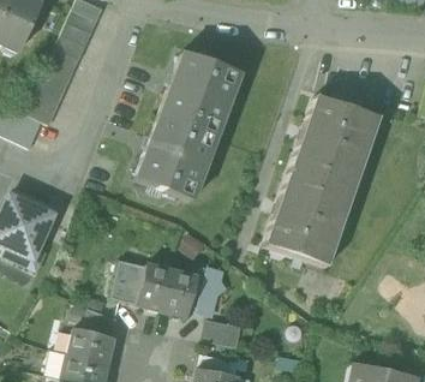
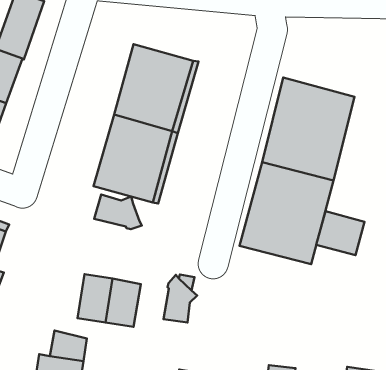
building: none -> [94,195,142,229]
building: none -> [316,211,365,255]
building: [163,271,198,316] -> none
building: [204,317,244,345] -> none

